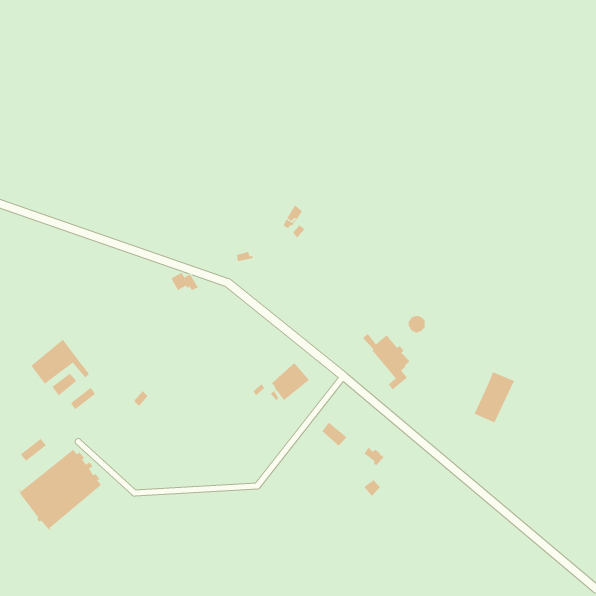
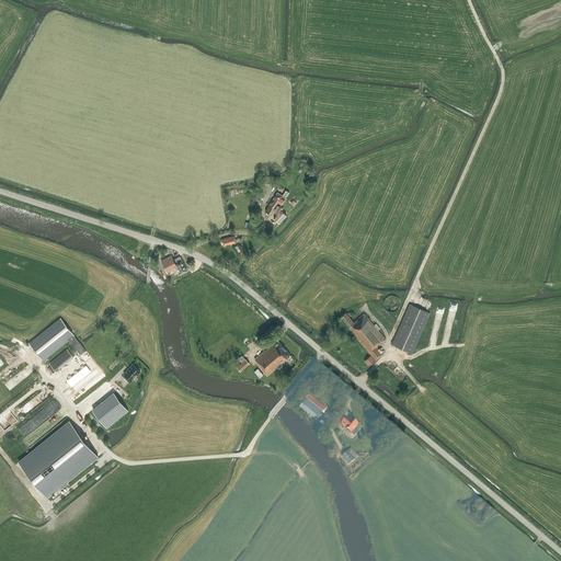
building: [474,372,515,423] -> [391,306,430,354]
building: none -> [92,388,125,420]

